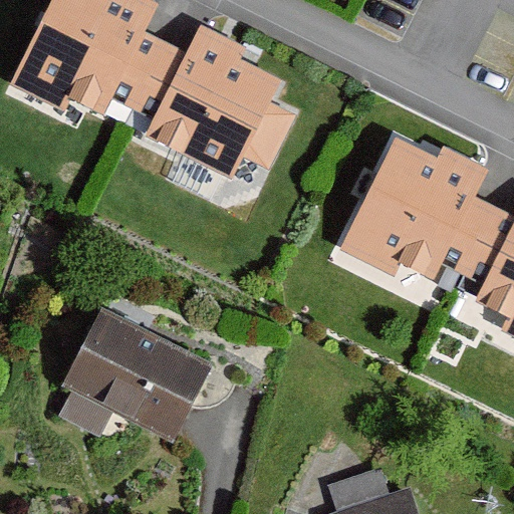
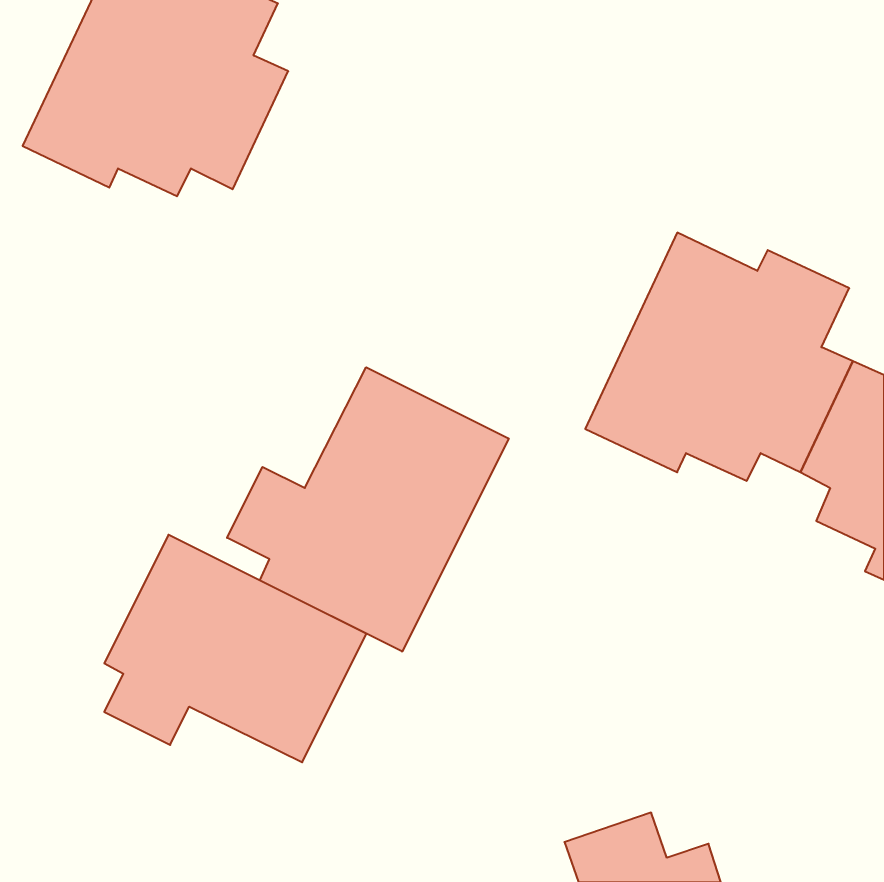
building: [135,25,294,181] -> none
building: none -> [227,367,509,652]

